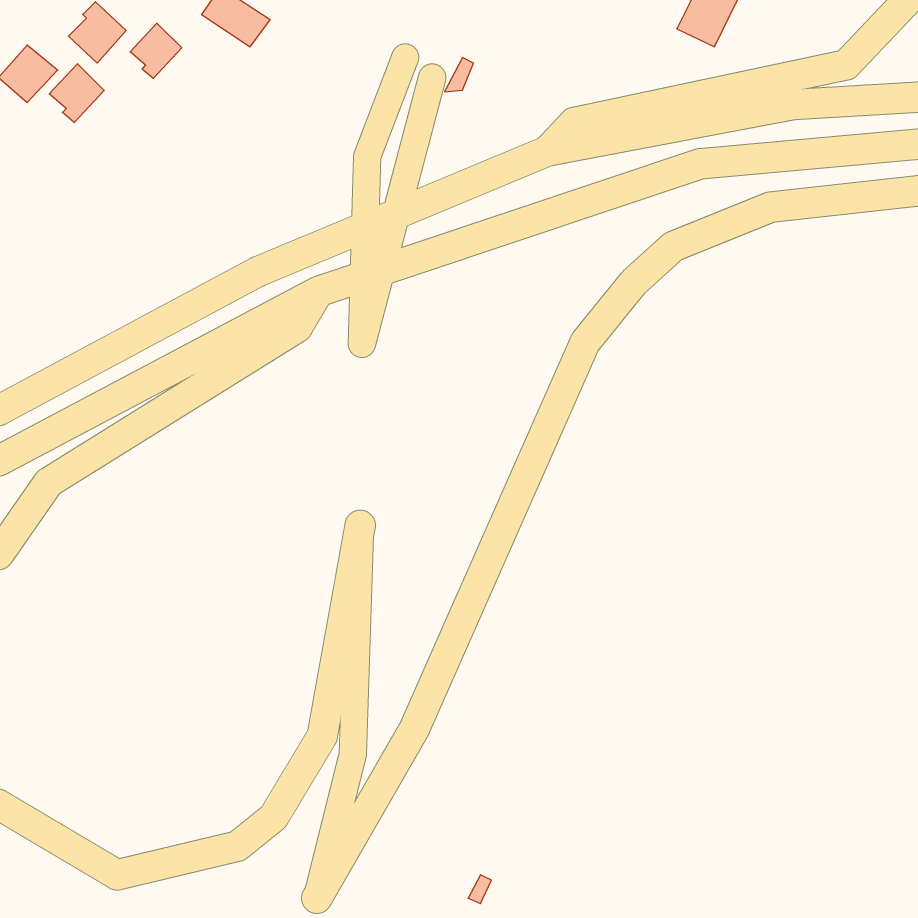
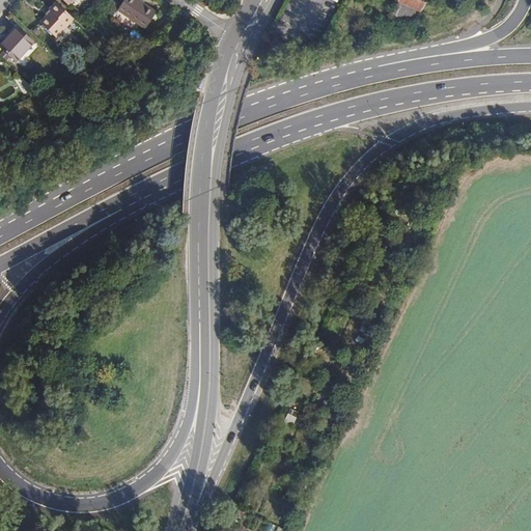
building: [130,23,182,78] -> none
building: [49,64,104,123] -> none

